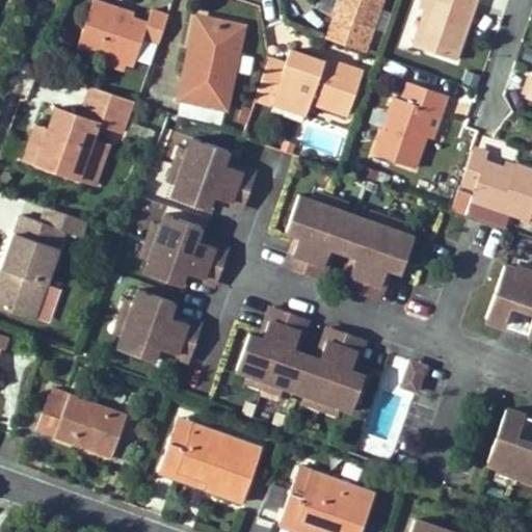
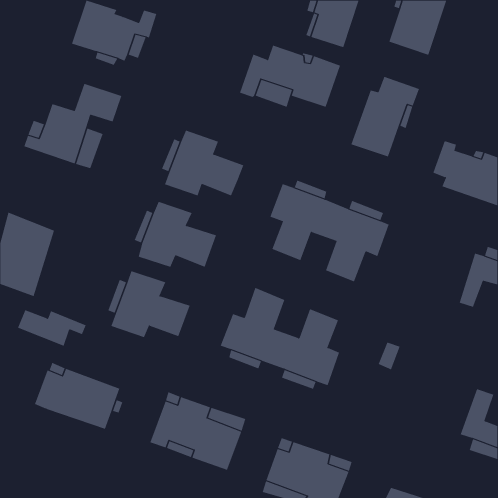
building: [182,24,244,111] -> none
building: [8,207,82,246] -> [17,309,86,347]

